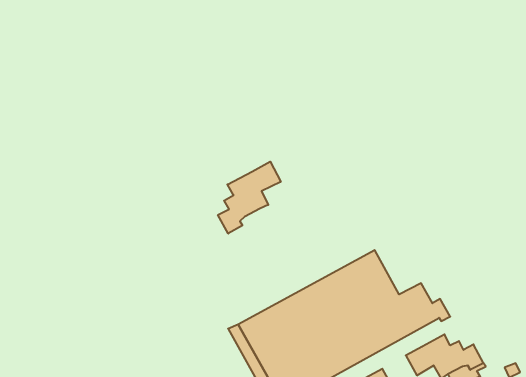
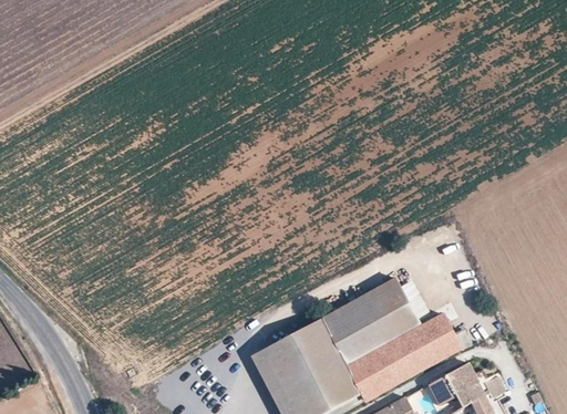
building: [218,162,281,234] -> none

